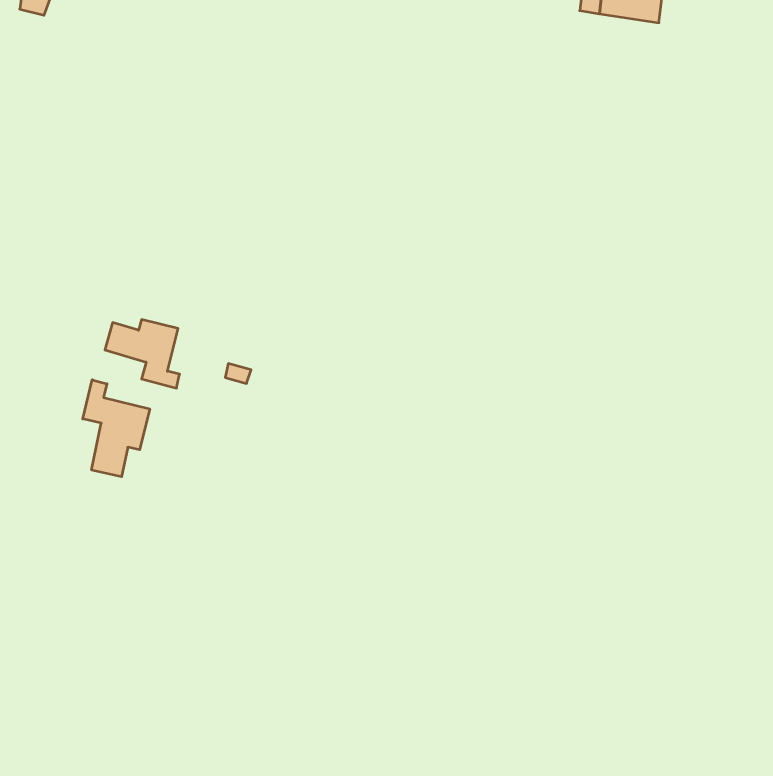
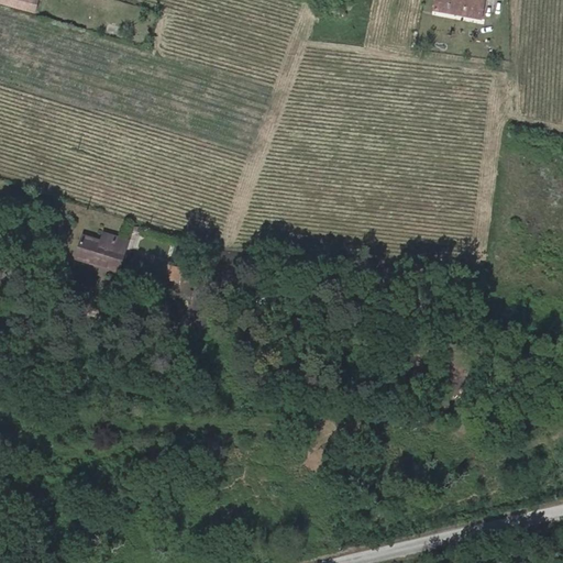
building: [83,380,150,477] -> none

